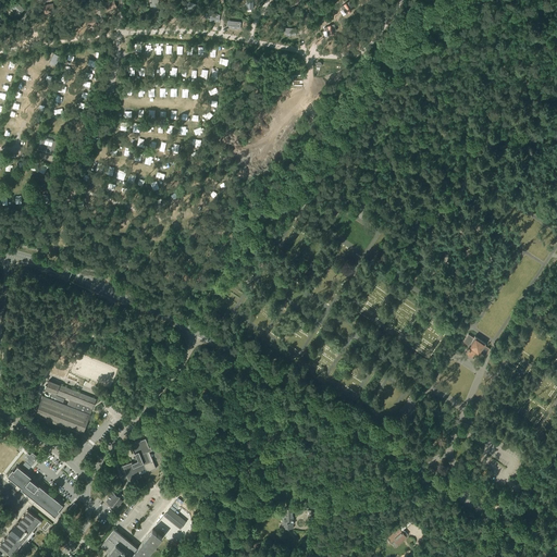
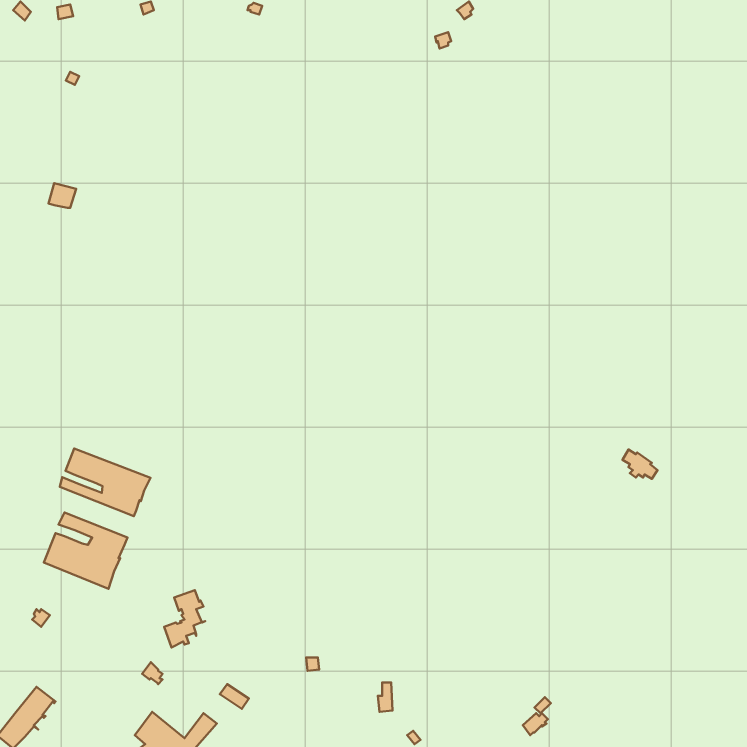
building: none -> [60,448,150,516]
building: [7,467,62,518] -> none

